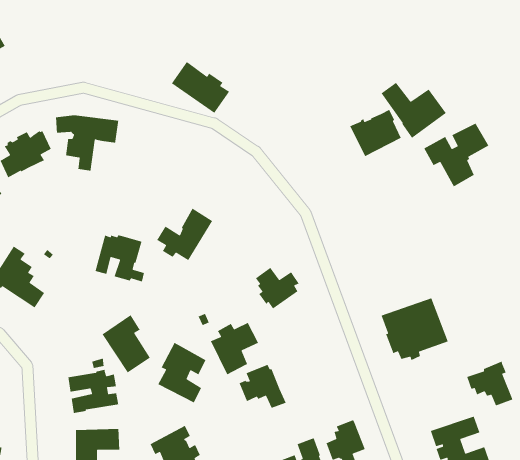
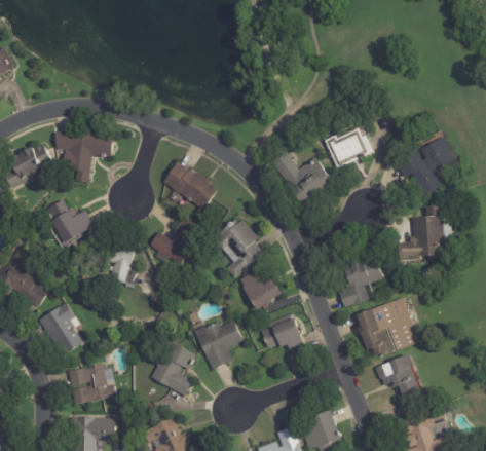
building: [171,61,230,114] -> [163,162,218,211]
building: [381,82,447,139] -> [271,151,332,203]
building: none -> [45,200,95,245]
building: none -> [398,206,443,260]
building: none -> [214,220,263,278]
building: none -> [340,256,383,306]
building: [102,314,151,373] -> [38,303,83,358]
building: [466,361,513,407] -> [374,353,417,396]
building: [239,364,287,409] -> [263,314,307,355]

